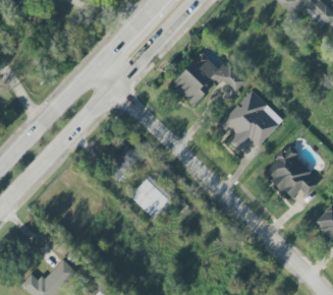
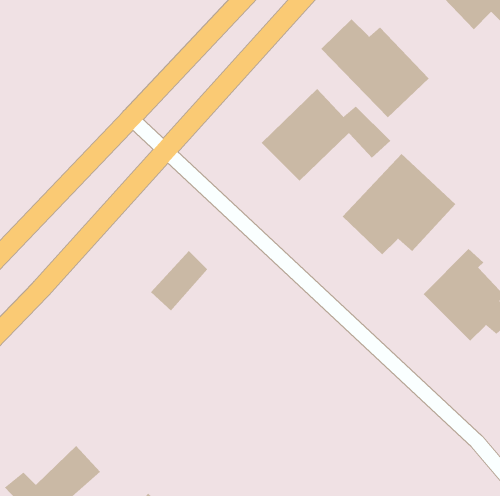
building: none -> [321,18,430,118]
building: [130,171,180,222] -> none

